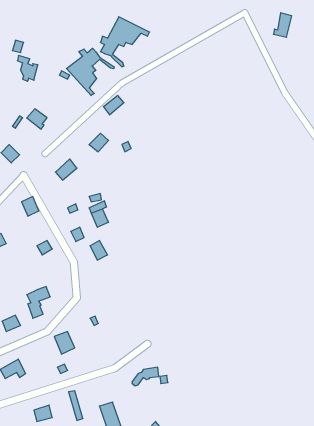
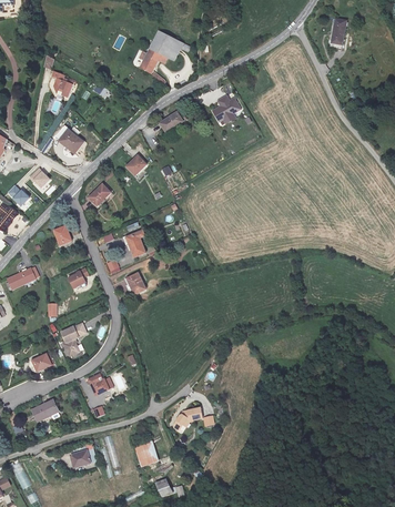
building: [66,48,114,96] -> none
building: none -> [212,94,242,125]

